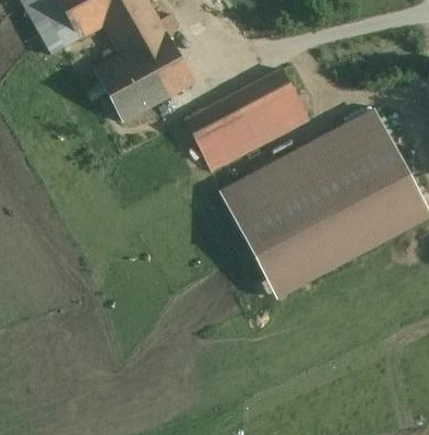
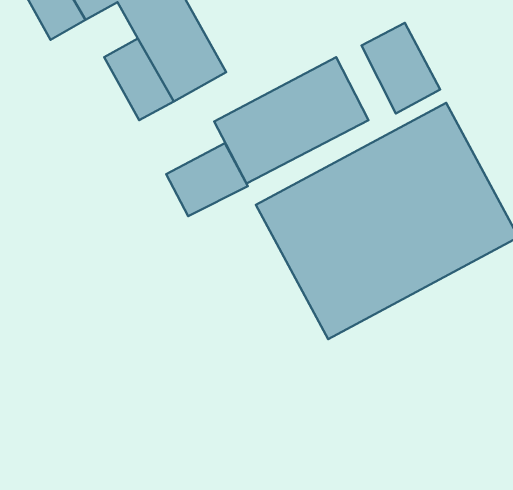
building: none -> [362,23,440,113]
building: none -> [166,143,248,216]

